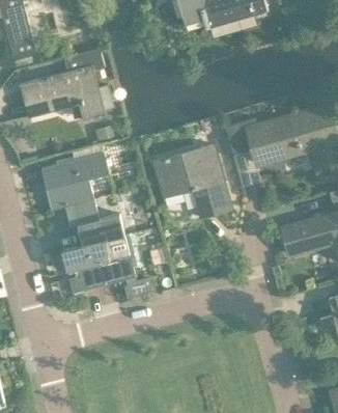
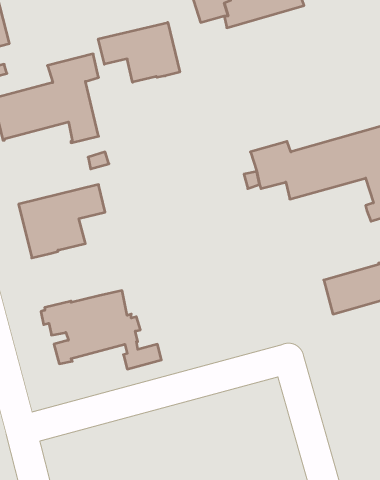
building: none -> [98,22,180,82]
building: [152,145,231,218] -> none
building: [64,199,124,246] -> none

